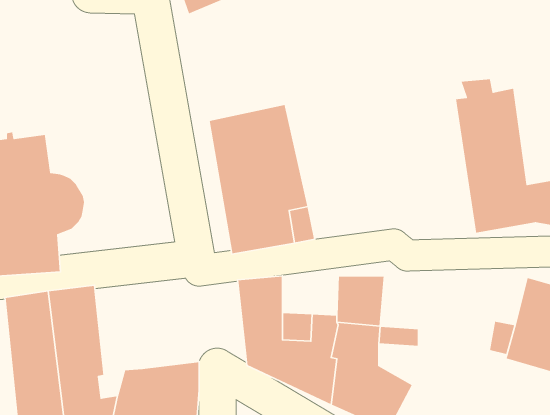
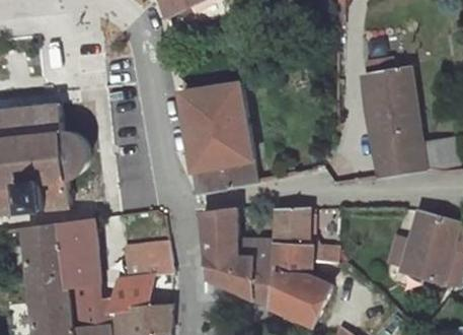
building: none -> [126,242,172,279]

